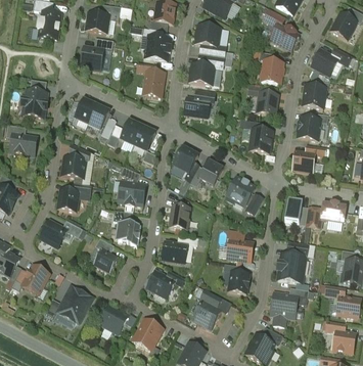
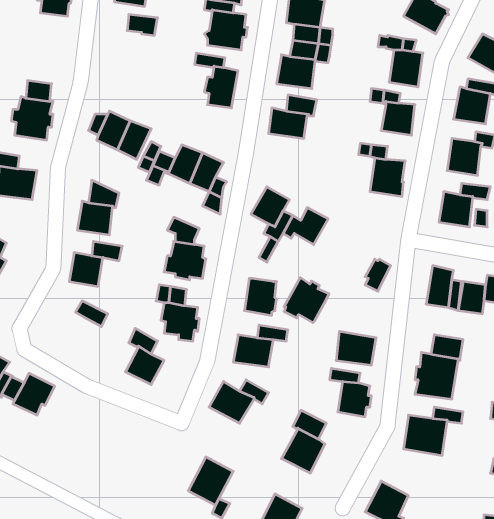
building: [81,46,103,71] -> none
building: [226,177,255,205] -> [284,278,329,323]
building: [40,221,66,246] -> none
building: [56,287,92,324] -> none
building: [99,308,128,333] -> none

